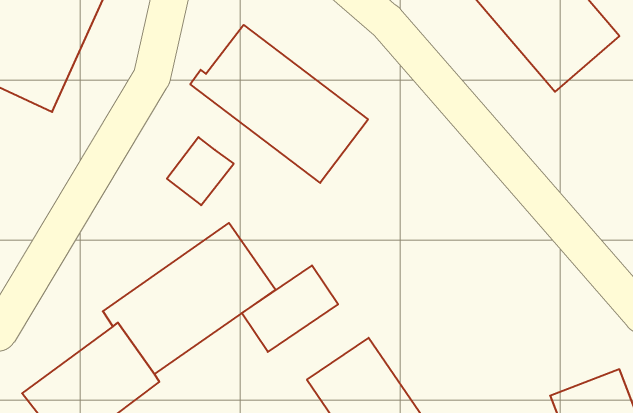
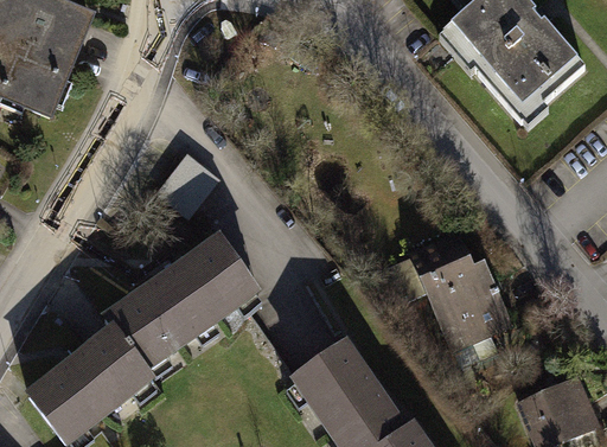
building: [190,25,368,183] -> none
building: none -> [409,232,510,349]
building: [242,265,338,352] -> none

